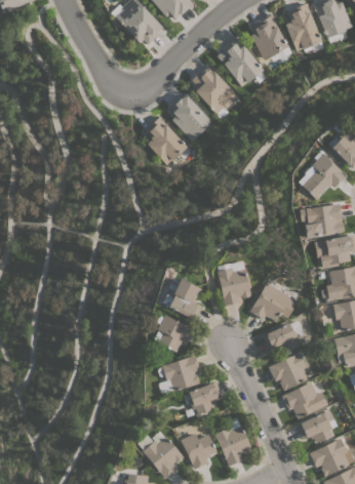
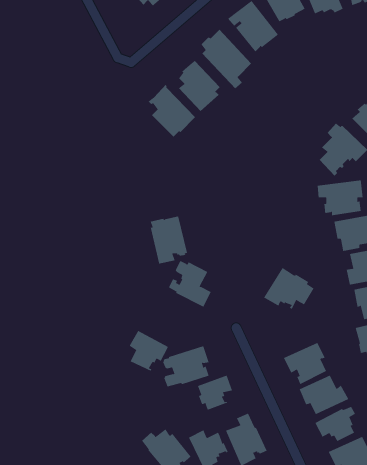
building: [216,260,251,305] -> [150,216,188,264]
building: [156,314,193,352] -> [129,330,169,372]
building: [263,323,300,354] -> none

